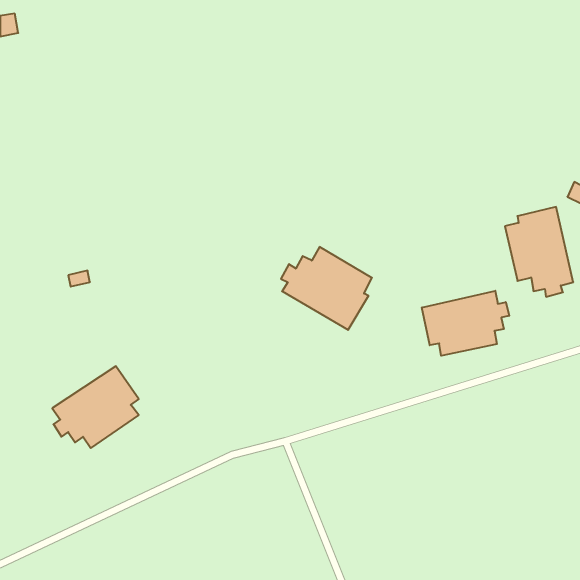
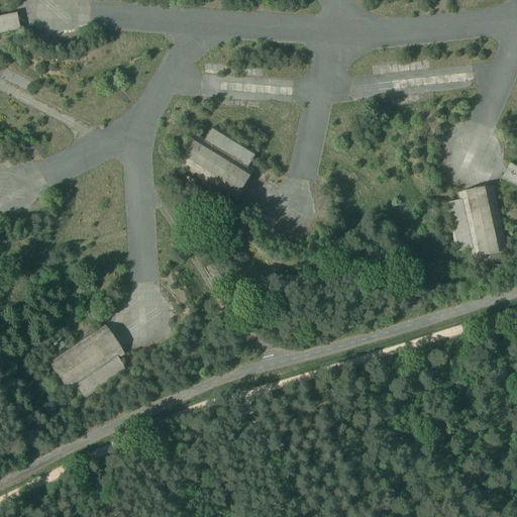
building: [281,247,372,330] -> [177,124,257,198]
building: [422,291,509,356] -> none

